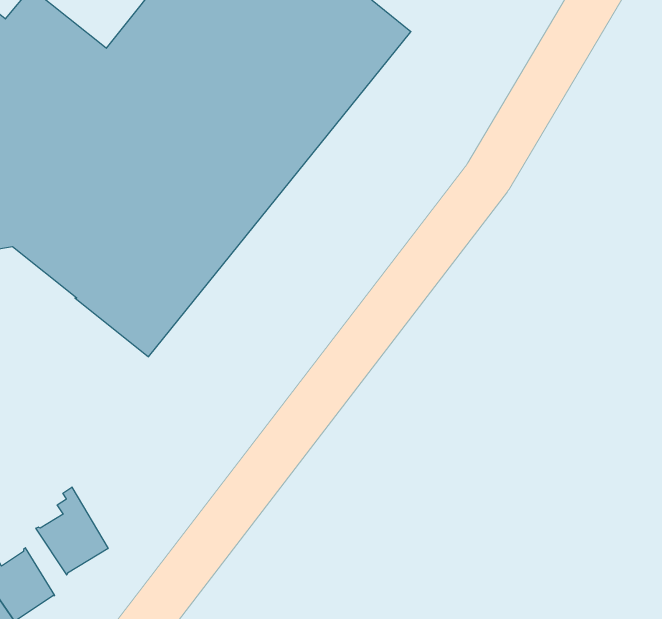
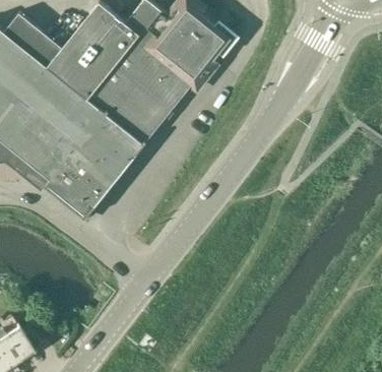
building: [36,487,108,575] -> none

